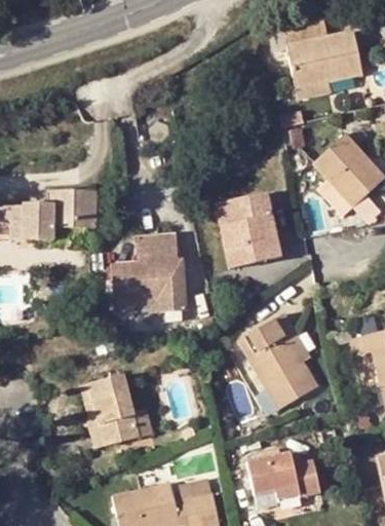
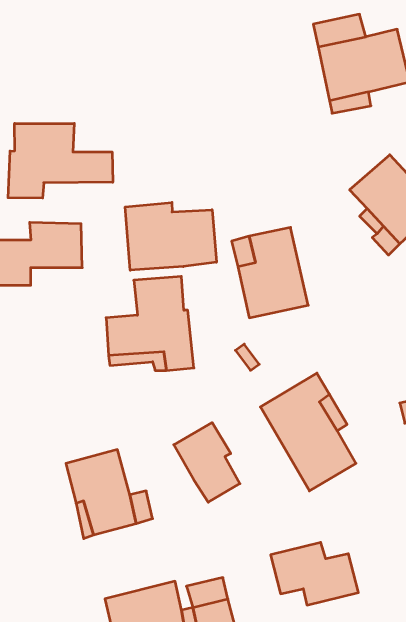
building: none -> [8,123,113,198]
building: none -> [125,202,216,270]
building: none -> [174,423,240,502]

